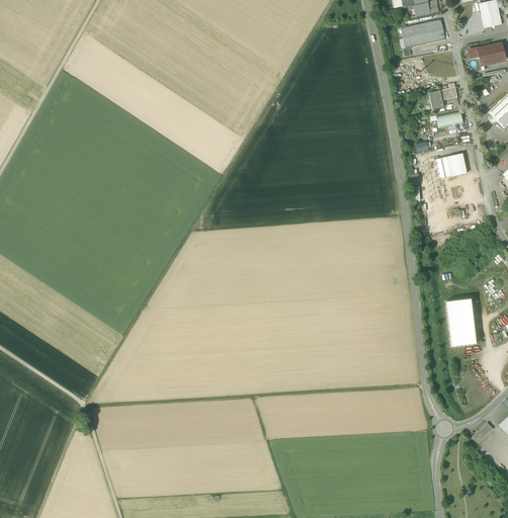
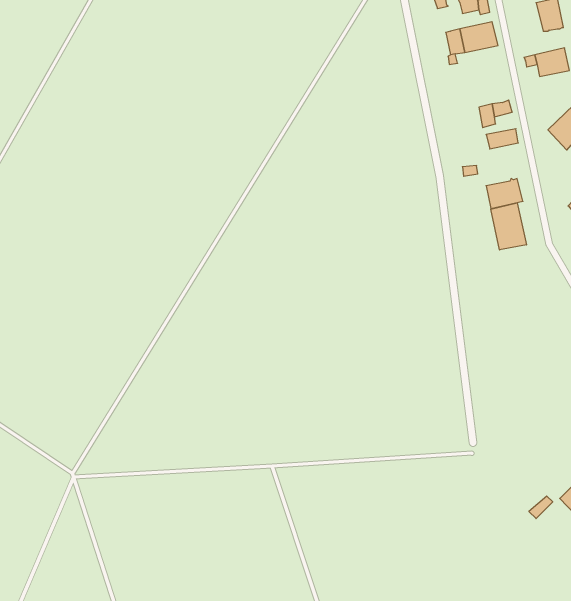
building: none -> [491,203,526,250]
building: [446,298,476,347] -> none

